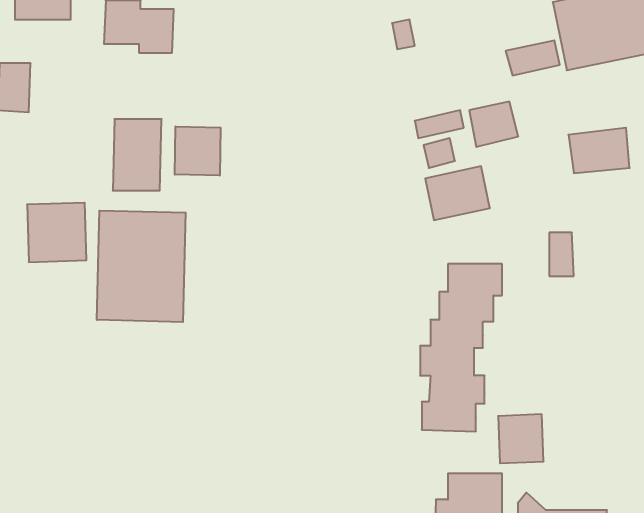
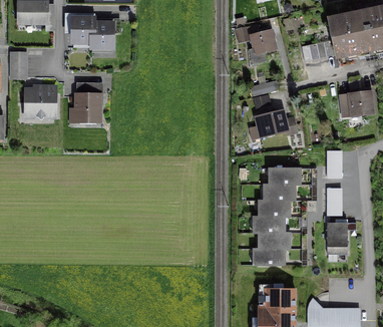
building: [469,102,518,147] -> [250,31,278,57]
building: [175,126,221,176] -> none
building: [27,203,86,262] -> [24,86,58,120]
building: [97,211,186,322] -> none
building: none -> [325,188,340,214]
building: [498,414,544,463] -> [325,220,351,248]

